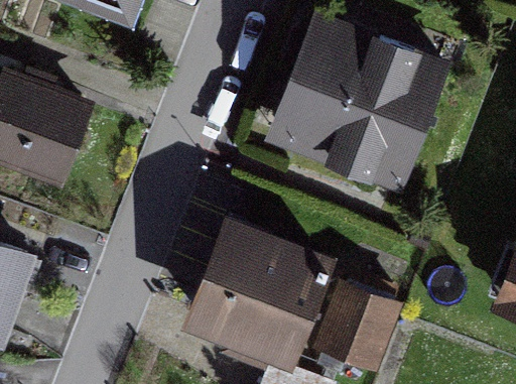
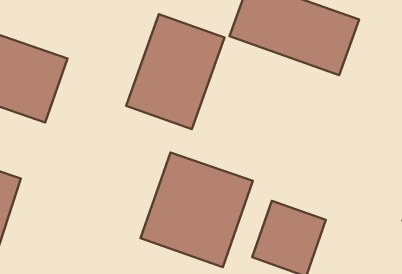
building: none -> [126,14,224,129]
building: [268,83,421,187] -> none

